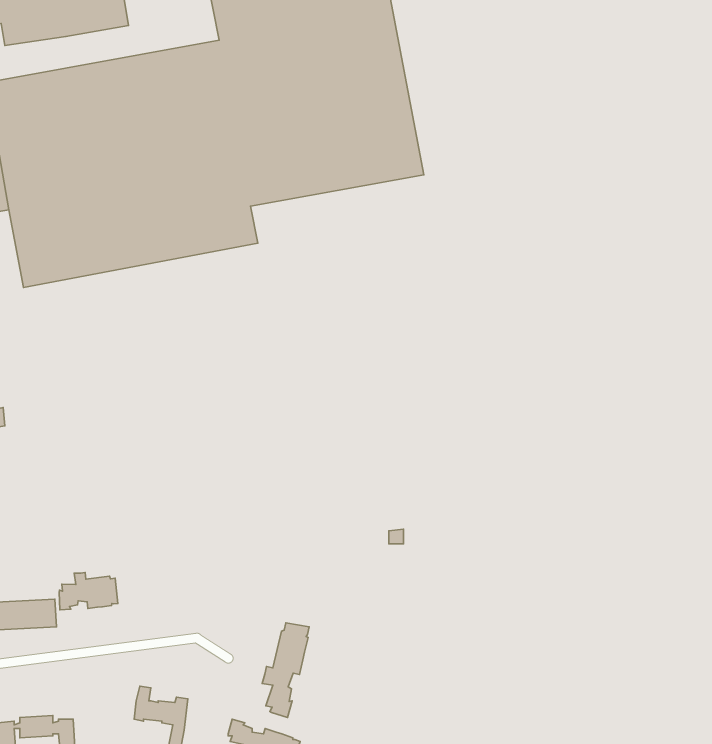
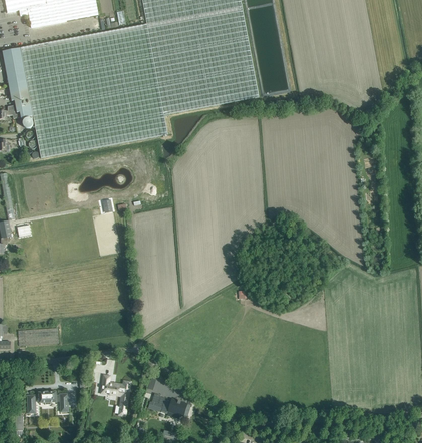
building: [59,572,118,610] -> none
building: [262,623,309,718] -> none

